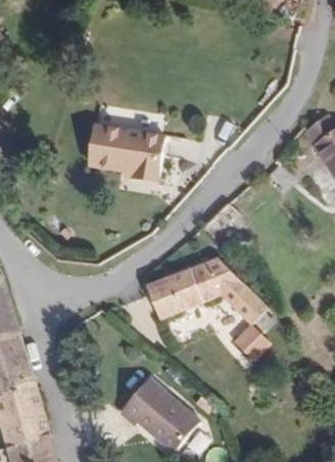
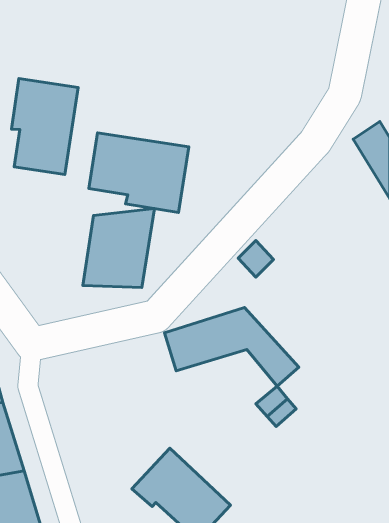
building: none -> [11,78,78,174]
building: none -> [83,209,154,288]

